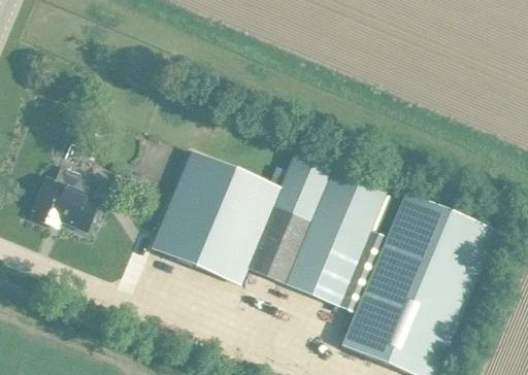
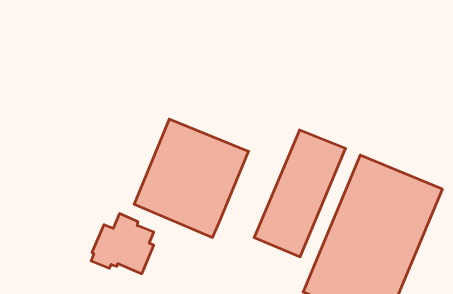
building: [248,148,337,284] -> none
building: [31,165,101,232] -> [91,214,154,274]

